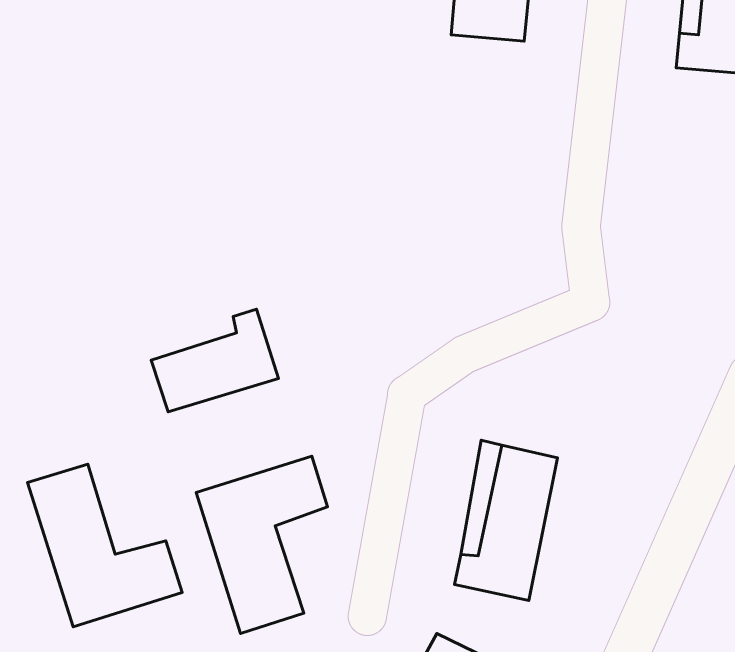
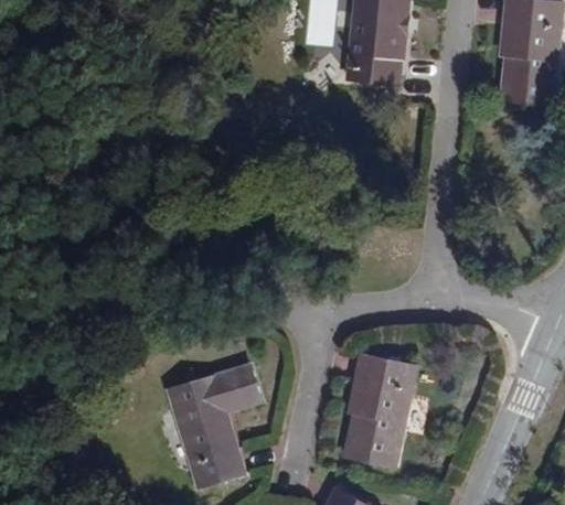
building: [151,309,278,412] -> none
building: [28,464,182,627] -> none

